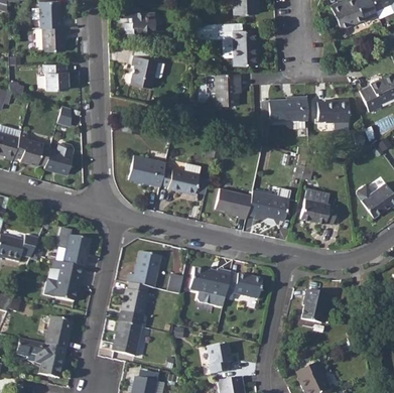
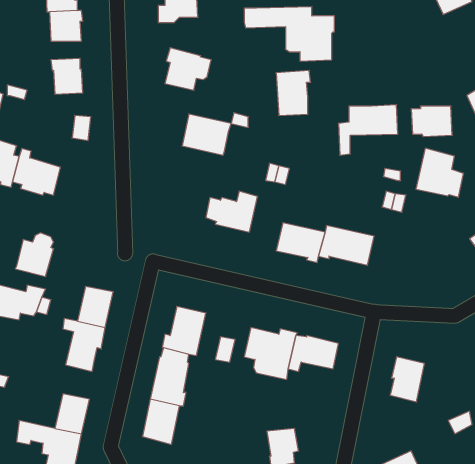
building: [44,141,74,174] -> [15,233,54,277]
building: [129,155,166,186] -> [182,114,231,155]
building: [301,186,338,224] -> [416,148,464,197]

